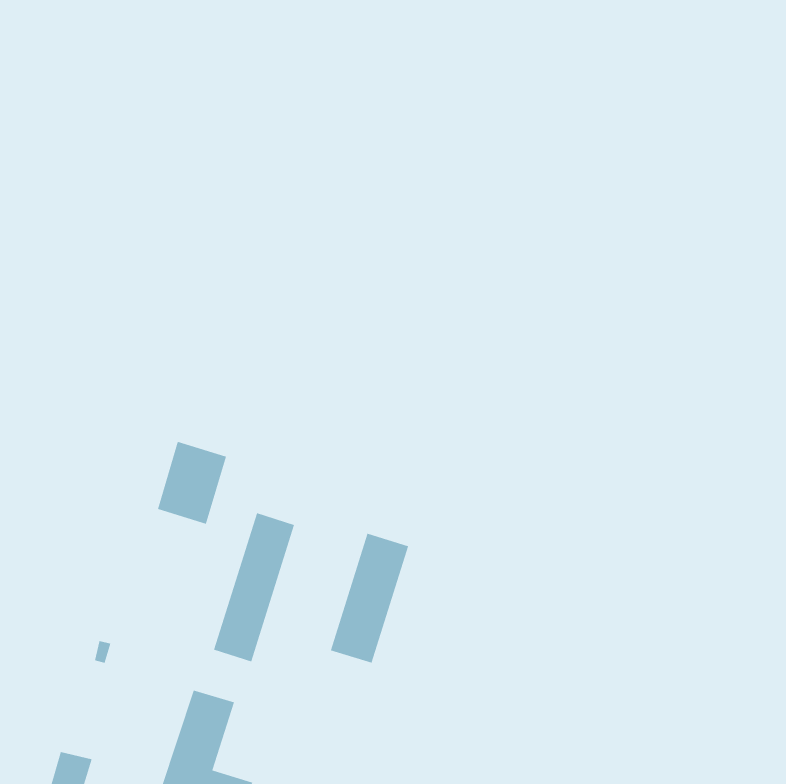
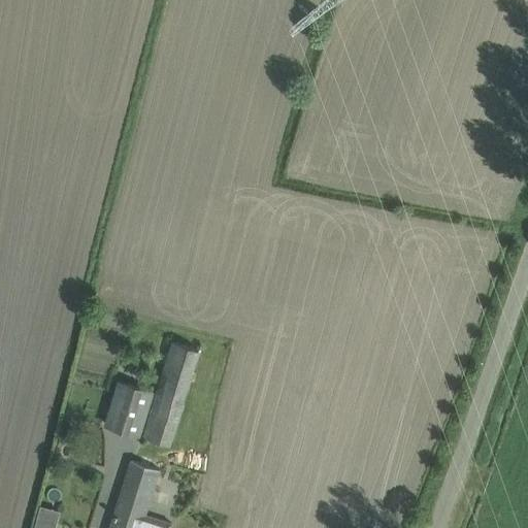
building: [157,441,227,525] -> [105,384,152,439]
building: [330,533,409,664] -> none

